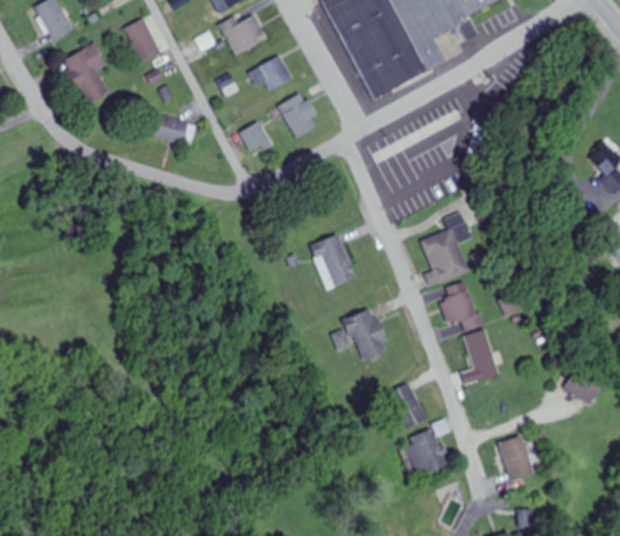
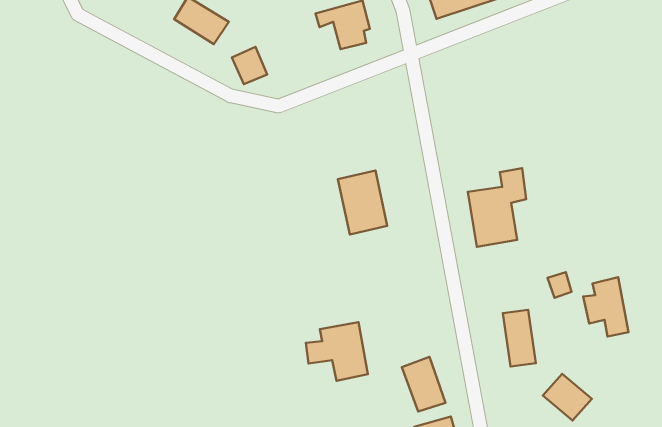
building: [239,121,271,154] -> [232,47,267,84]
building: [438,280,480,331] -> [583,277,629,336]
building: [332,308,388,360] -> [306,322,368,381]
building: [559,367,601,405] -> [543,374,592,420]

